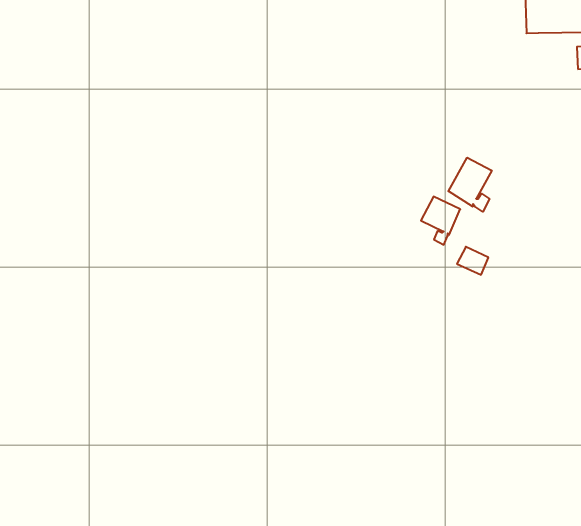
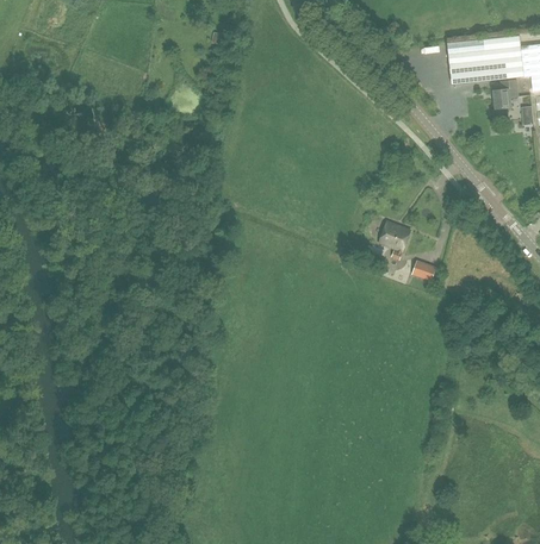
building: [448,158,492,212] -> none

